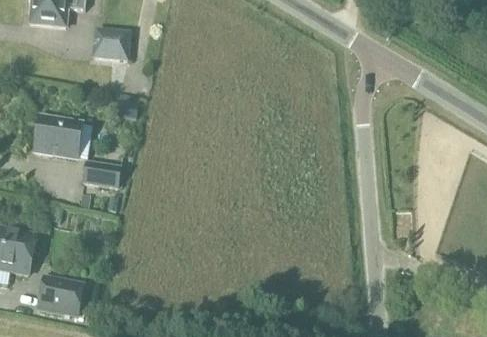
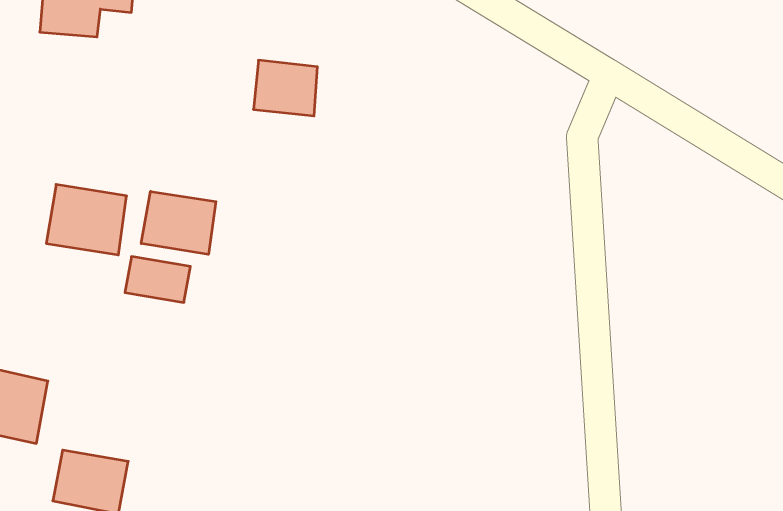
building: [93,27,132,61] -> [253,60,317,116]
building: none -> [141,191,216,254]

